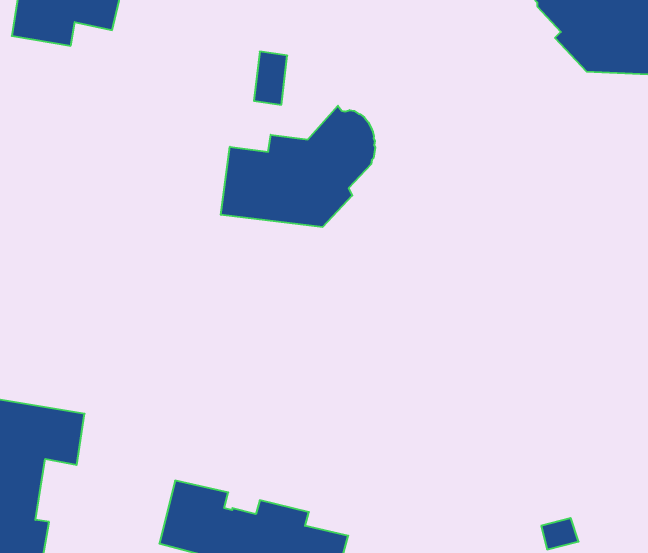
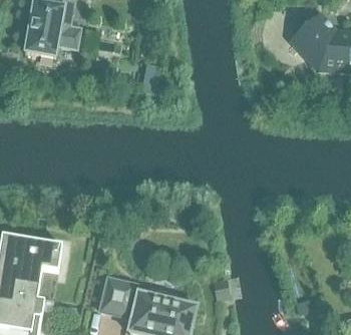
building: [221,106,375,227] -> none

